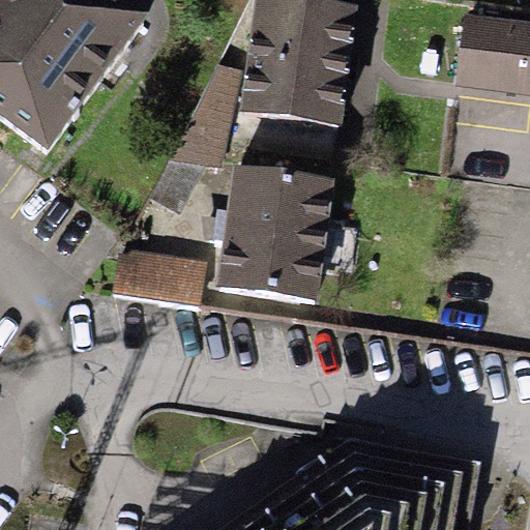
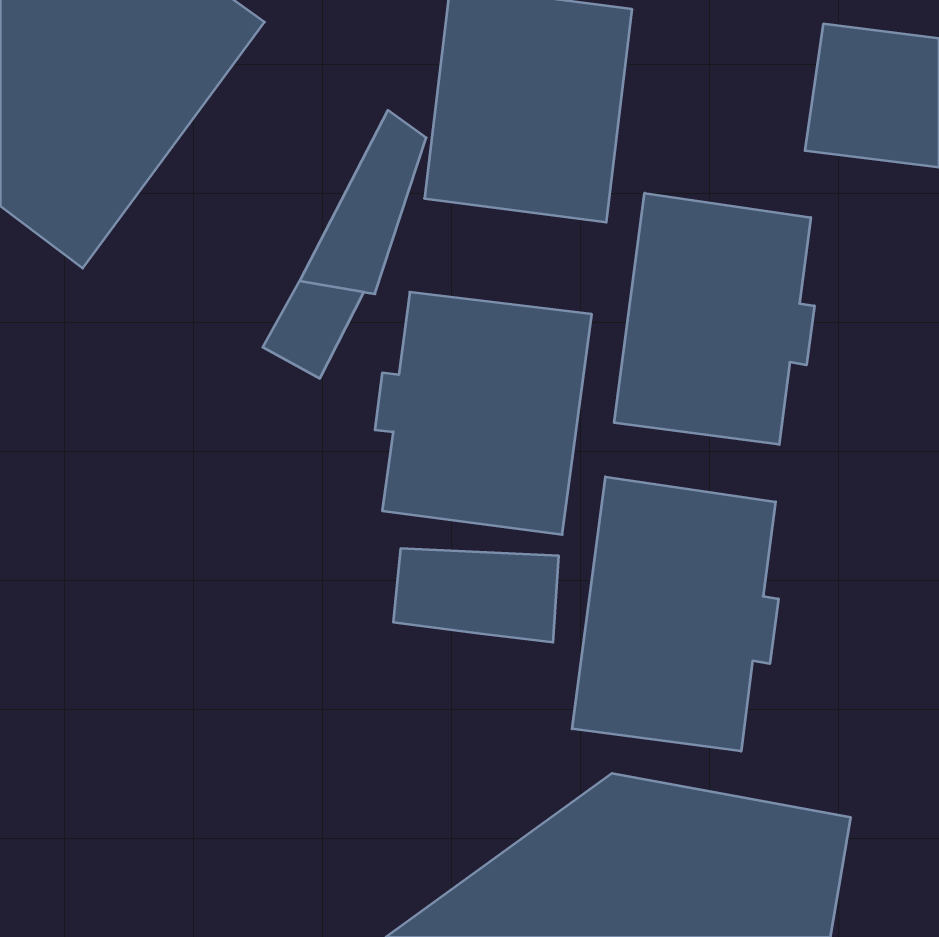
building: none -> [614,193,814,445]
building: [112,253,205,305] -> [393,549,559,642]
building: none -> [572,477,778,751]

